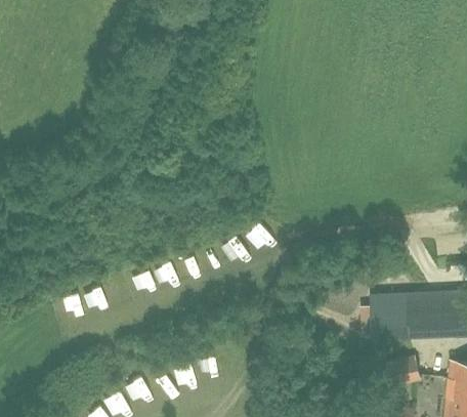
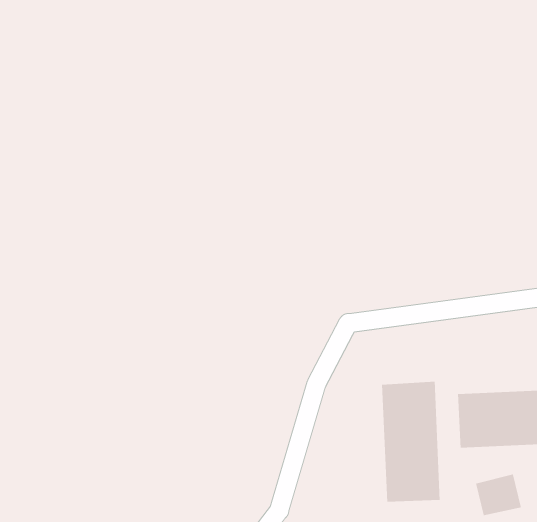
building: none -> [381,381,441,503]

